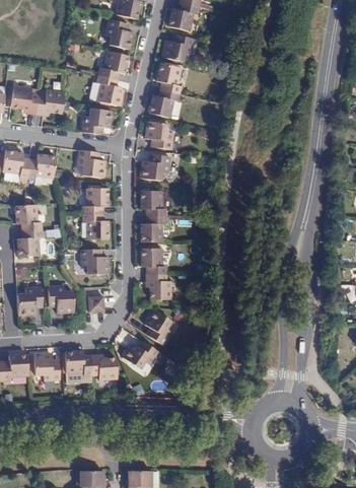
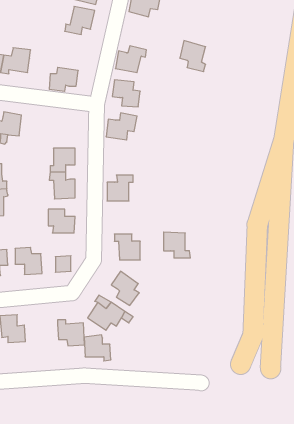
building: [154,63,180,93] -> [180,41,206,72]
building: [89,75,120,104] -> none
building: [77,149,104,179] -> none
building: [139,191,164,216] -> none
building: [139,249,165,274] -> [164,232,190,258]
building: [65,353,91,378] -> [84,335,111,361]

